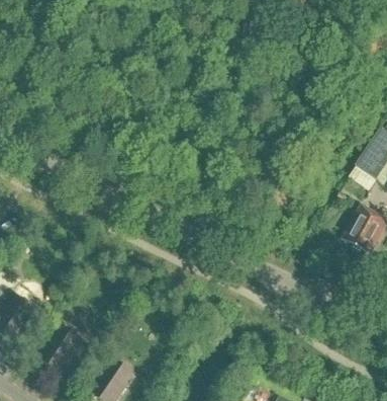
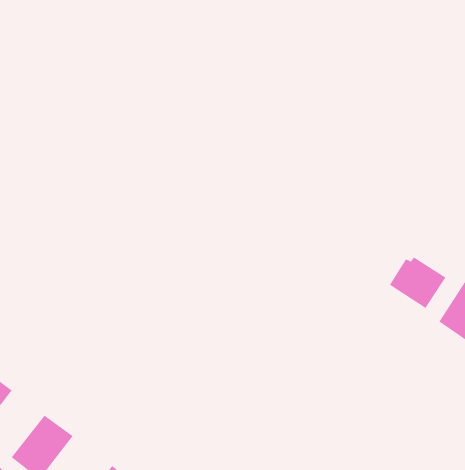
building: none -> [389,256,446,309]

